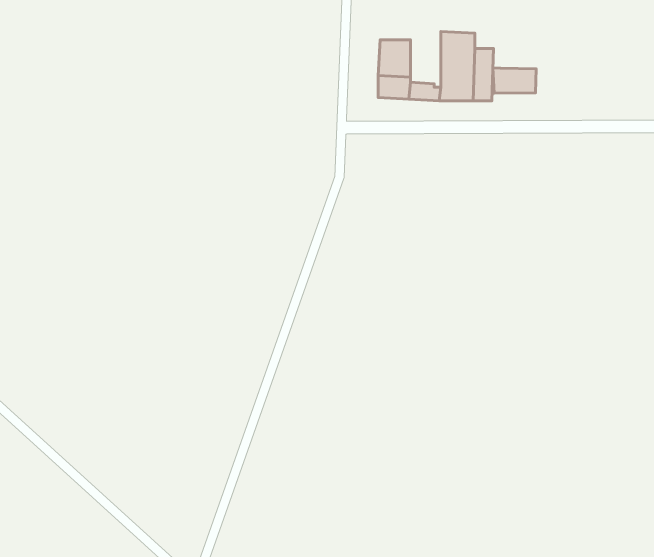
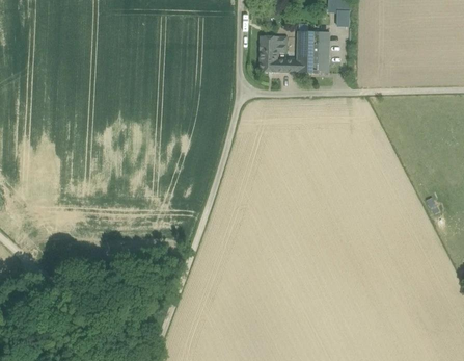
building: [493,68,536,93] -> none

